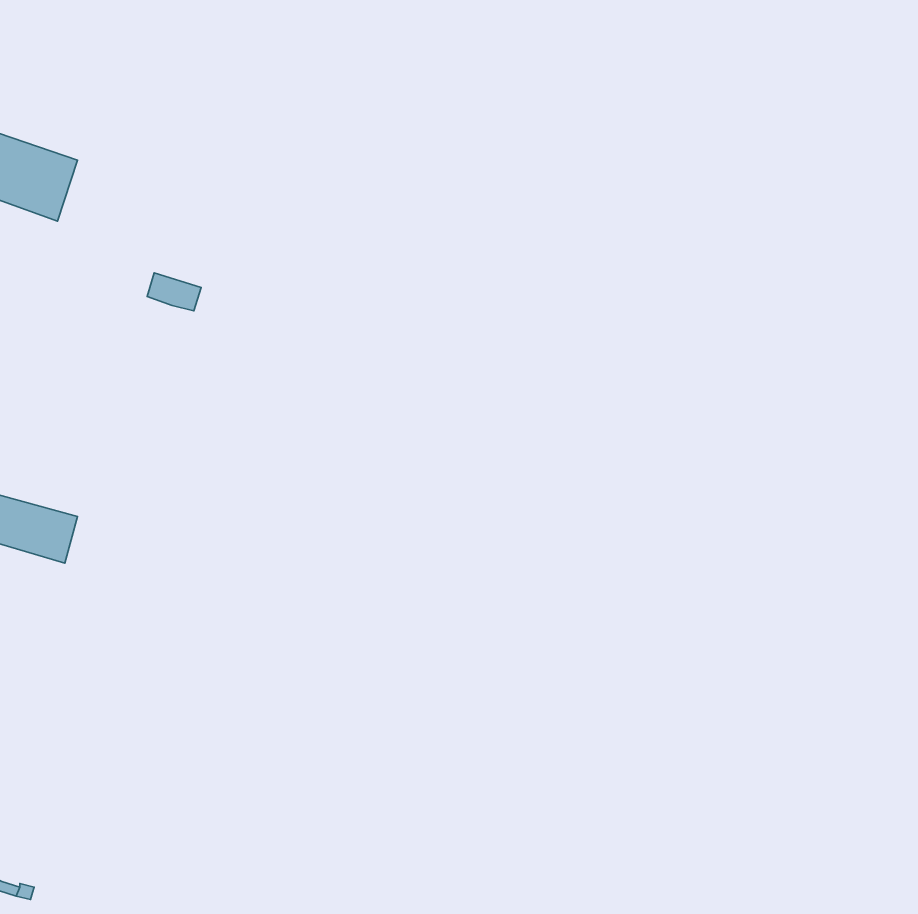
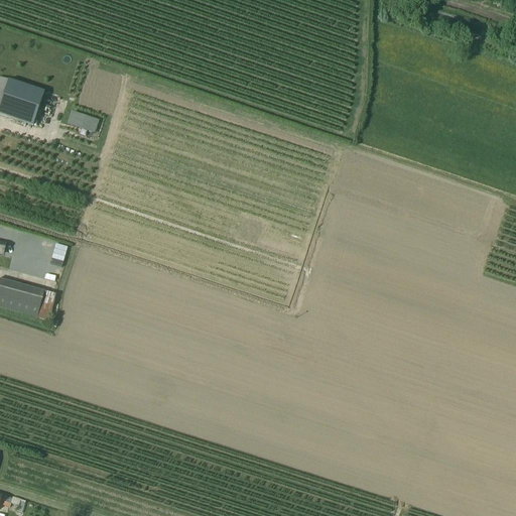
building: [147,273,201,311] -> [67,110,97,131]

